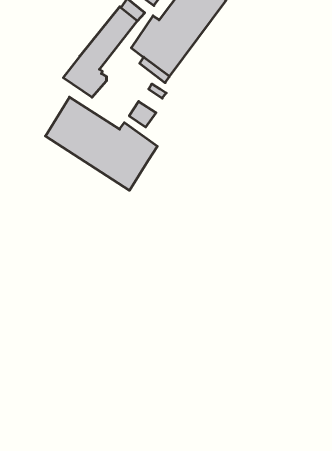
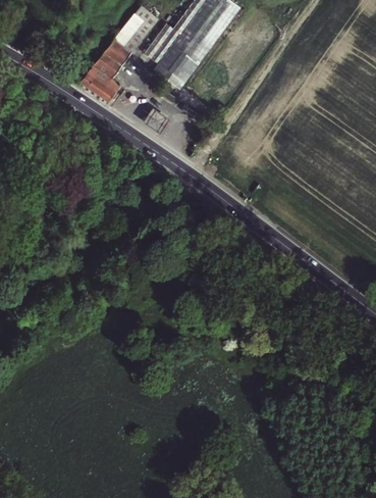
building: [45,97,157,190] -> none

